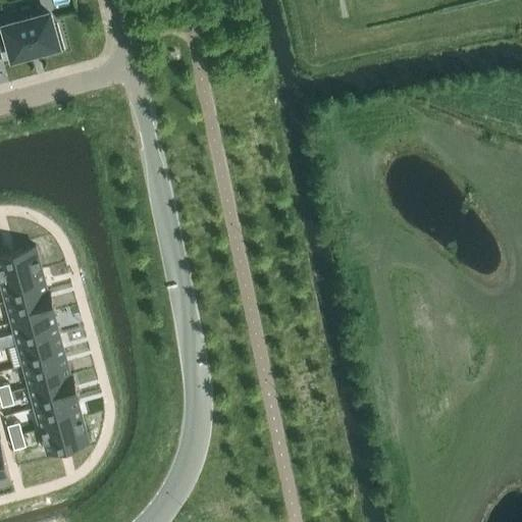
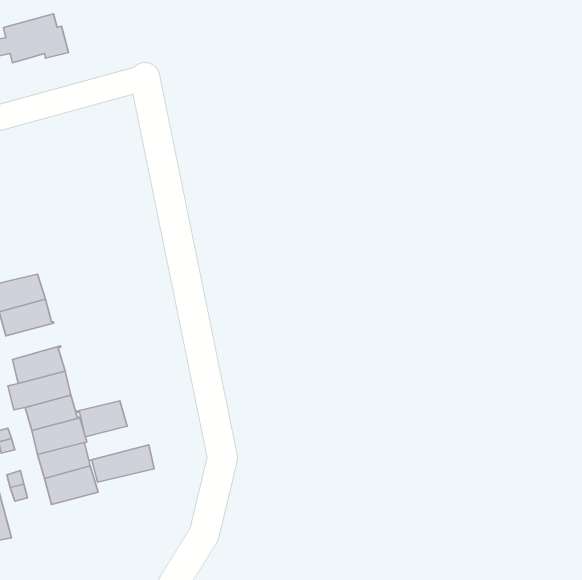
building: [5,292,54,324] -> none
building: none -> [77,401,127,437]
building: none -> [89,445,154,482]

